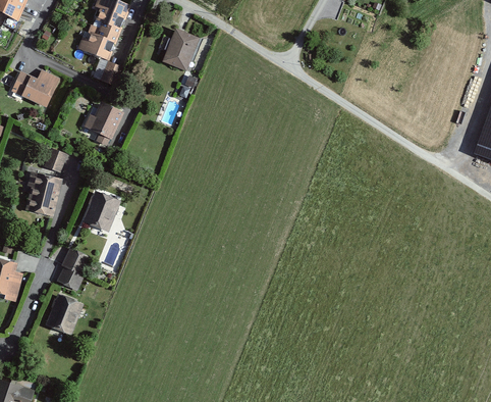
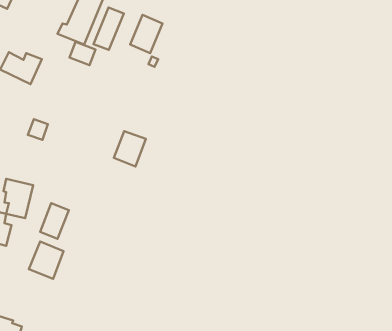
building: none -> [93,8,124,50]
building: [84,103,122,139] -> none
building: [28,171,62,217] -> [4,179,33,218]
building: [83,191,120,233] -> [114,131,146,167]

